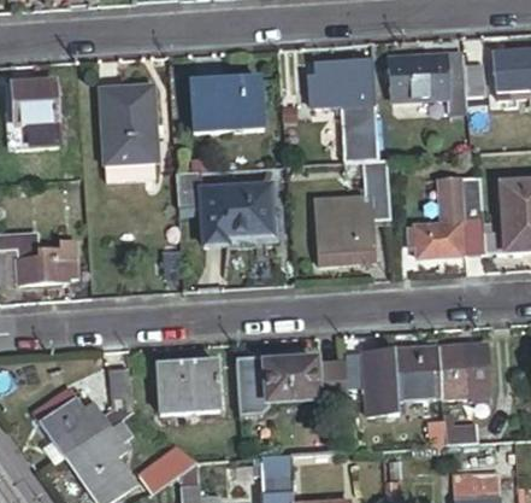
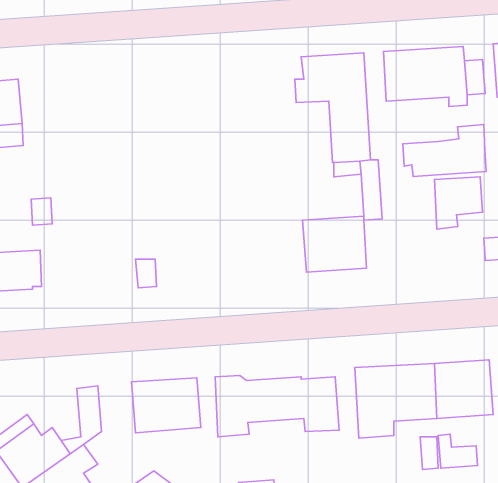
building: [190,81,264,136] -> none
building: [98,88,153,176] -> none
building: [175,170,270,244] -> none
building: [408,206,485,255] -> [403,124,486,177]

